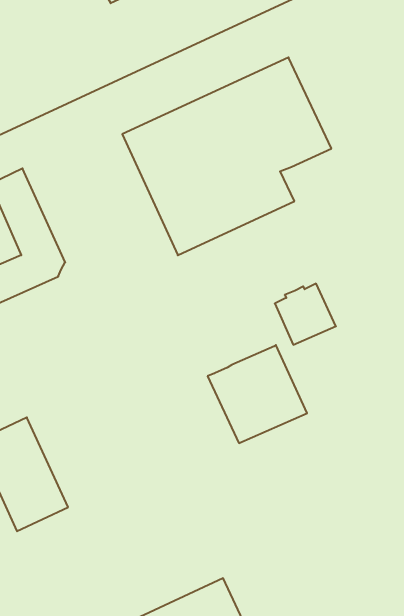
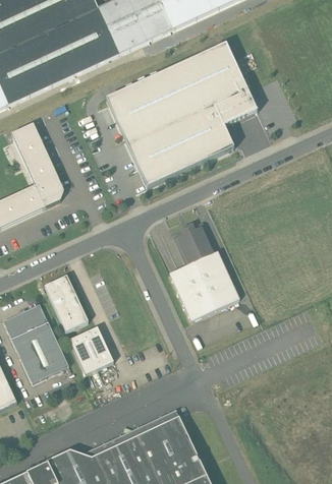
building: [275,284,336,345] -> [171,221,215,264]
building: none -> [43,274,87,330]
building: none -> [67,325,112,374]

